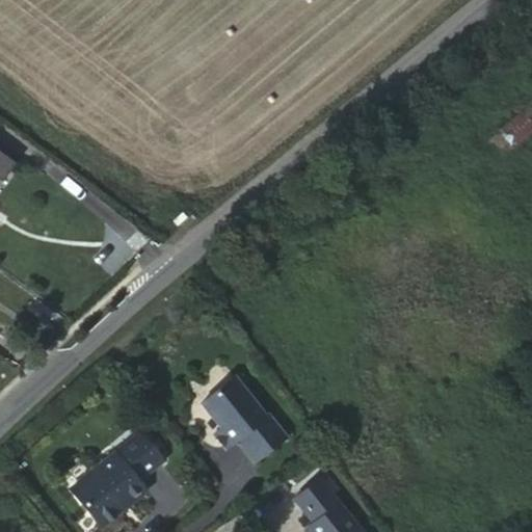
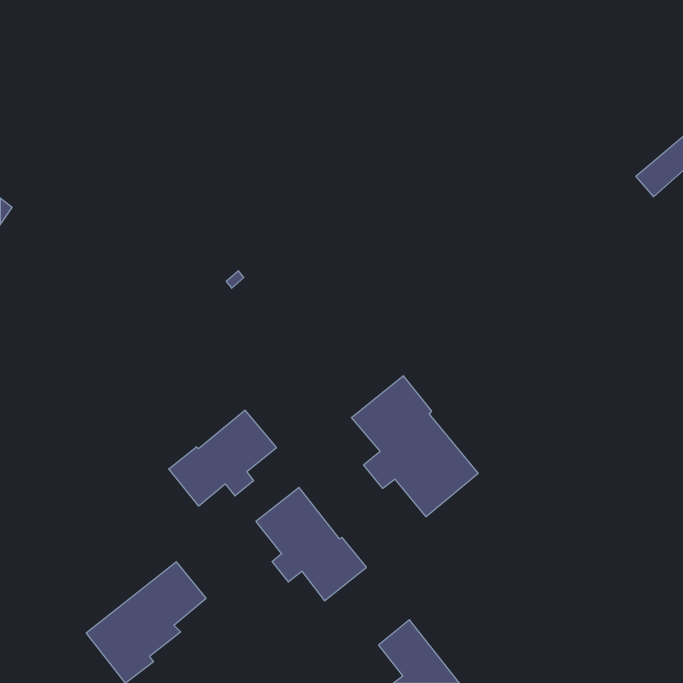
building: none -> [352,376,478,517]
building: none -> [169,410,276,506]

